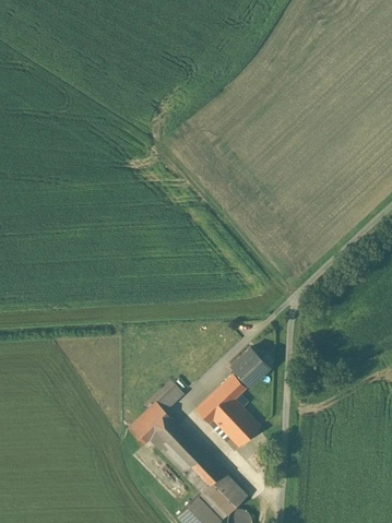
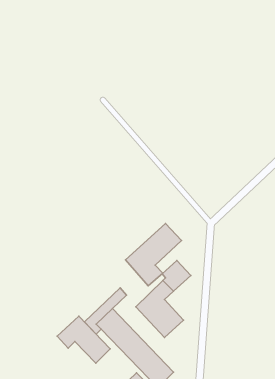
building: none -> [126,224,182,286]
building: none -> [57,316,110,363]

